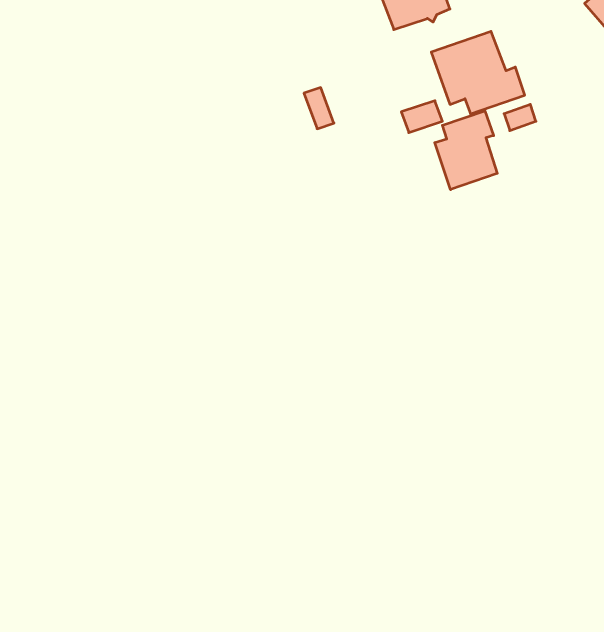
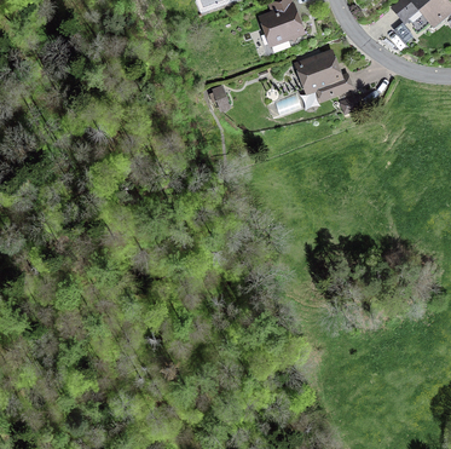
building: [435,111,497,190] -> none

